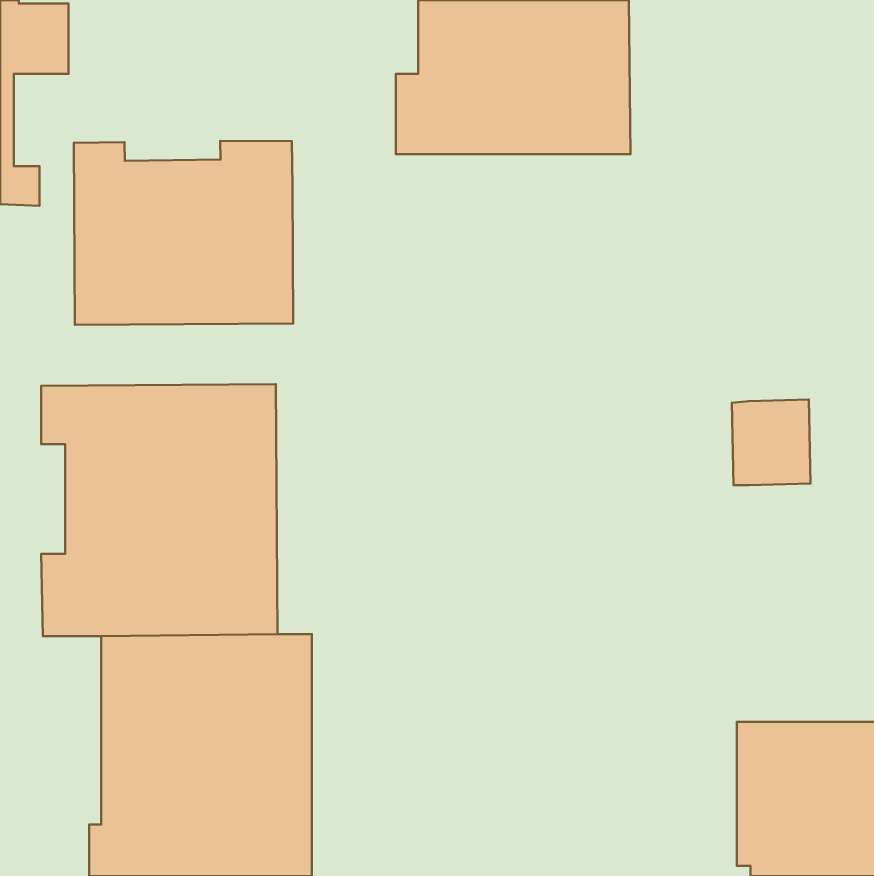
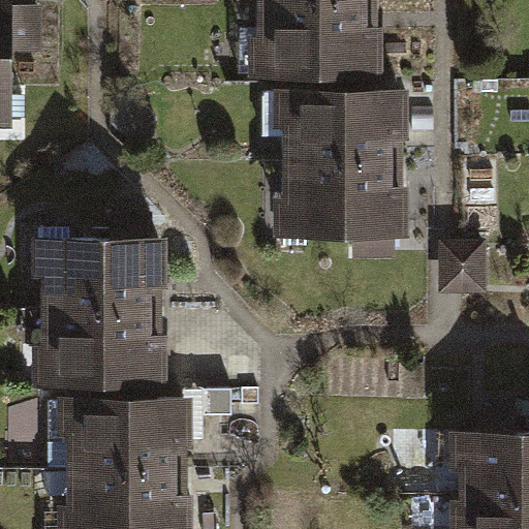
building: [74,141,293,325] -> none
building: none -> [269,93,404,276]

